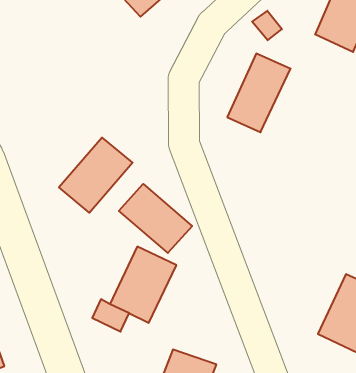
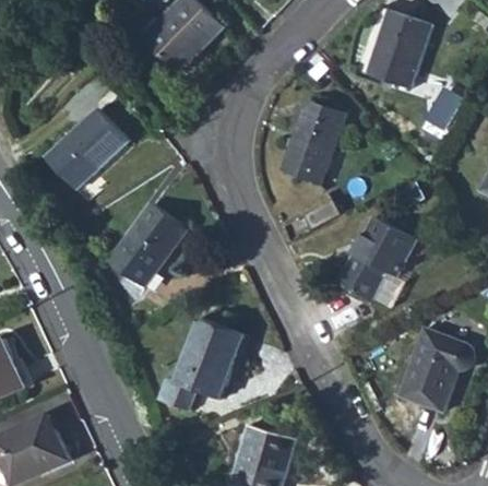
building: none -> [46,109,128,189]
building: none -> [337,216,415,299]
building: [119,184,192,253] -> none

